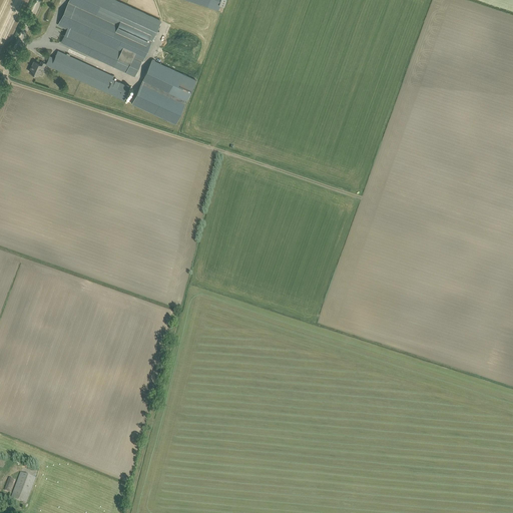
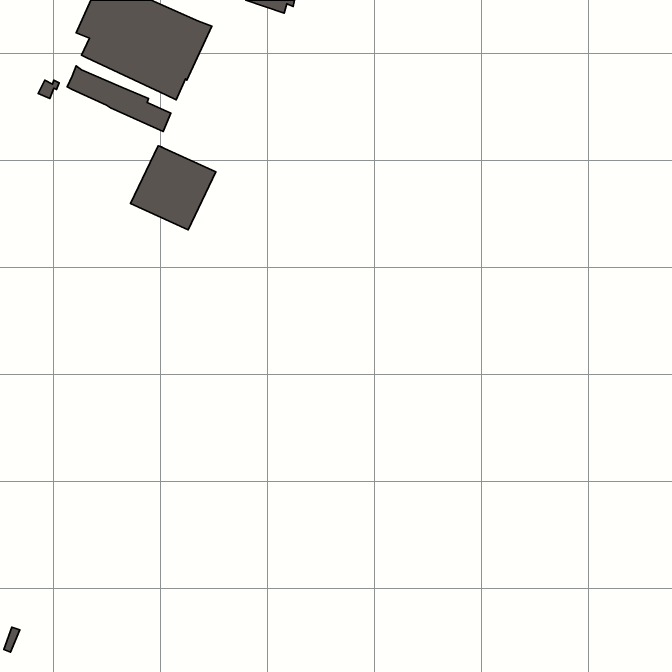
building: [131,59,196,123] -> [130,146,216,230]
building: [11,472,35,503] -> none

